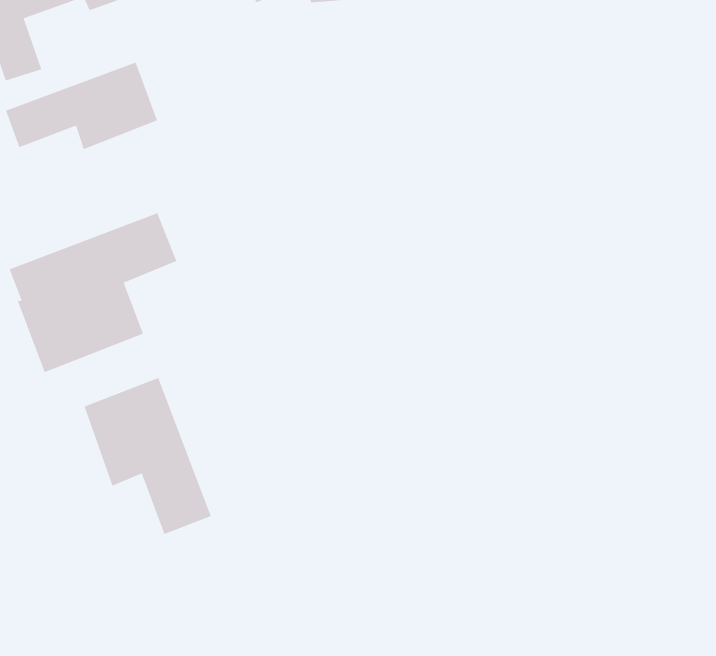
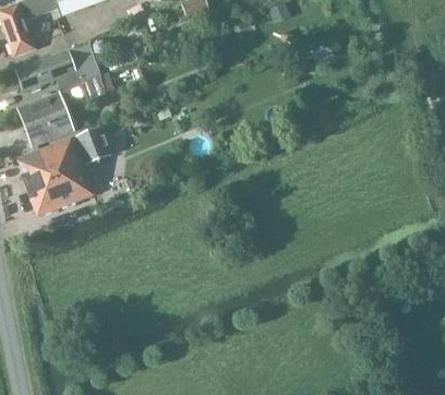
building: none -> [17,72,110,145]
building: [84,377,212,535] -> none

